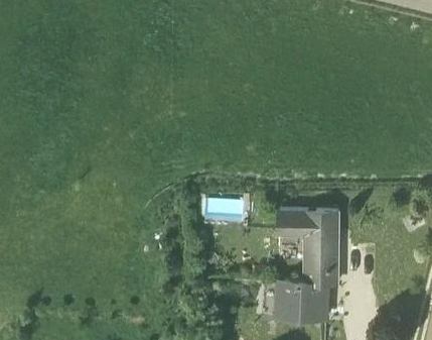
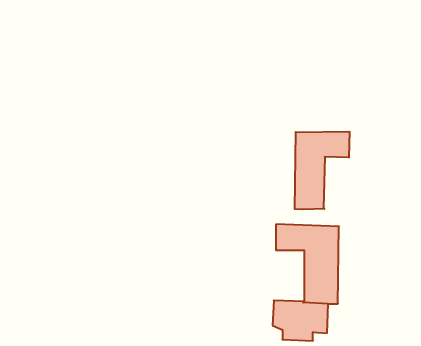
building: none -> [295,132,350,209]

